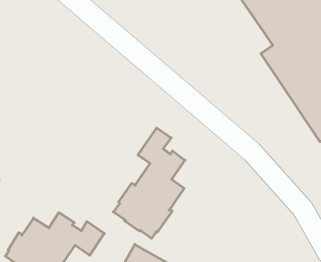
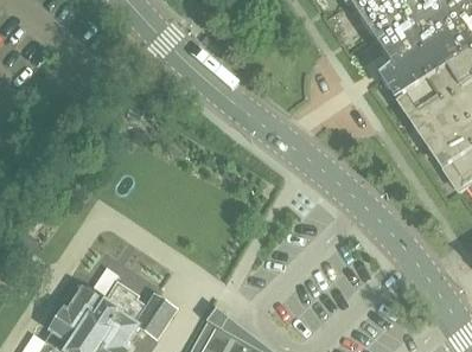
building: [113,128,185,238] -> none

